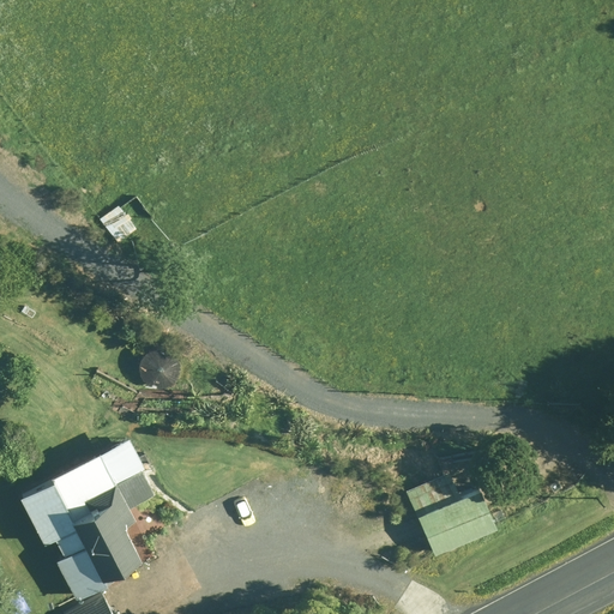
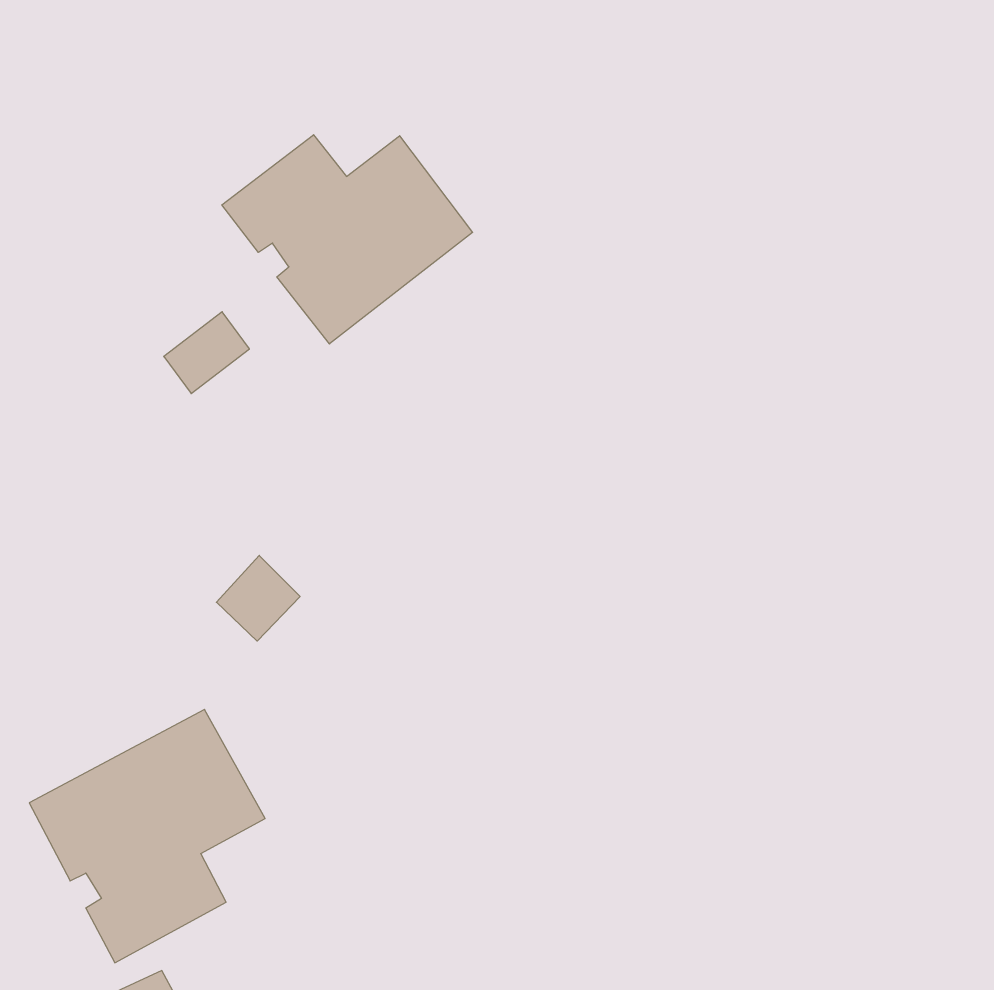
building: none -> [222,135,473,344]
building: [408,477,496,555] -> none

